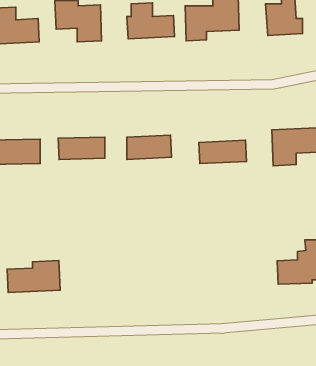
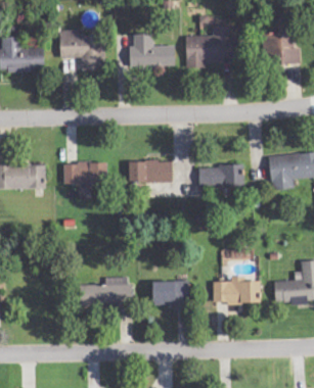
building: none -> [213,277,261,304]
building: none -> [153,281,189,305]
building: [7,261,60,292] -> [80,277,131,307]

